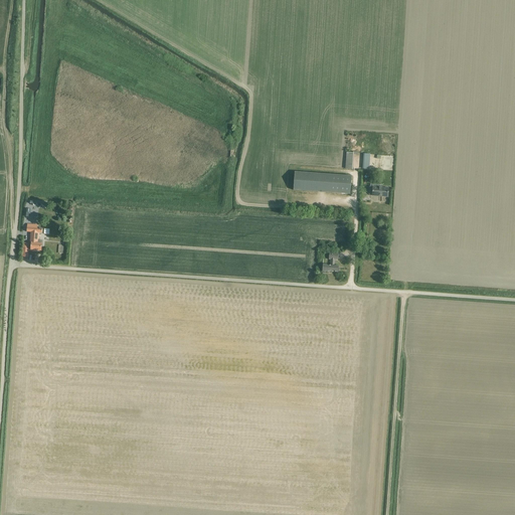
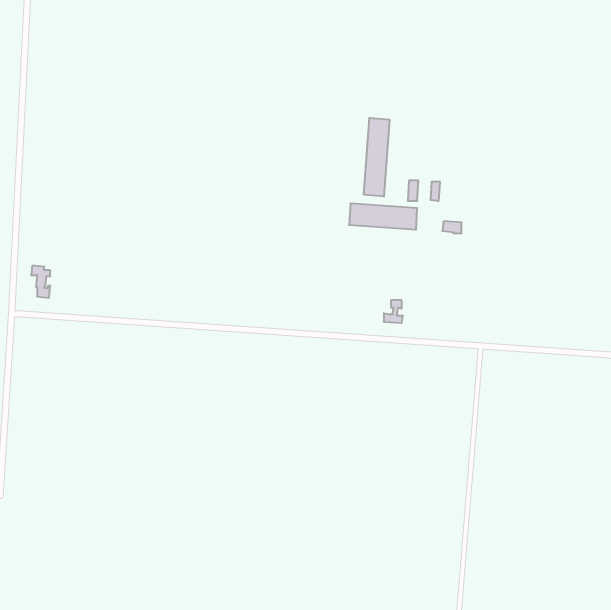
building: none -> [364,118,389,197]

